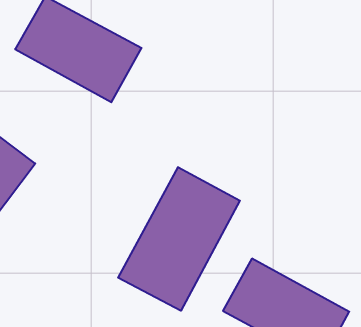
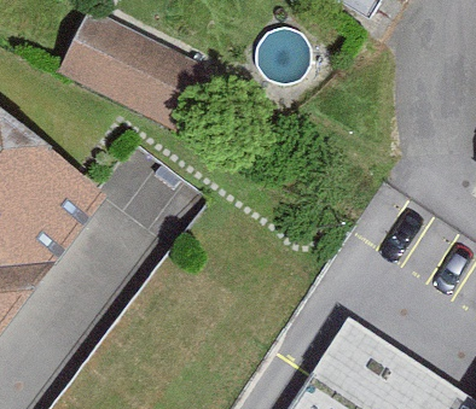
building: [118,167,240,311] -> none

